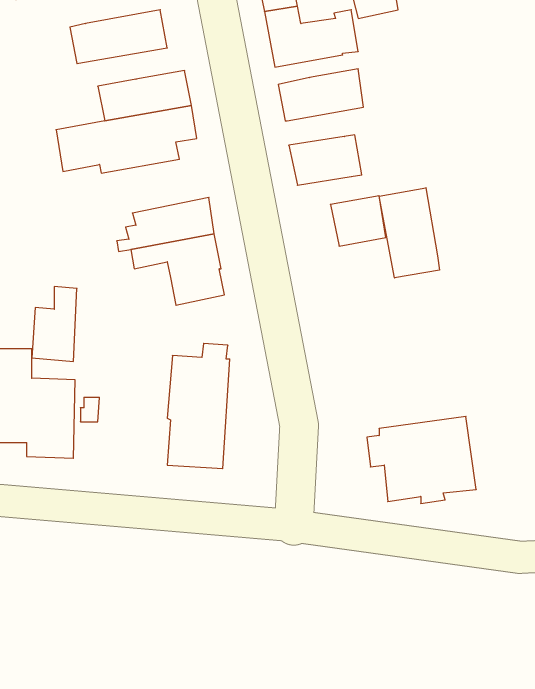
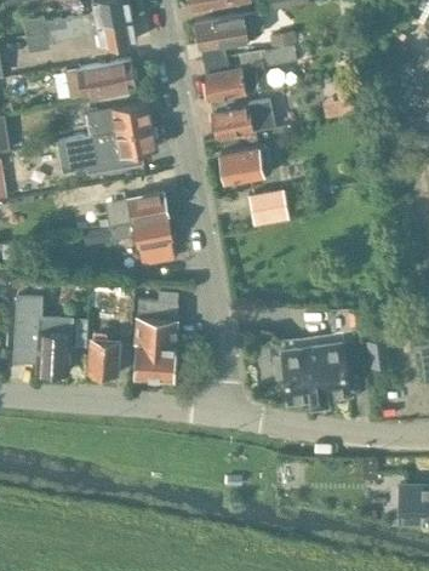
building: [379,188,439,278] -> none
building: [32,287,77,361] -> [88,325,120,377]

